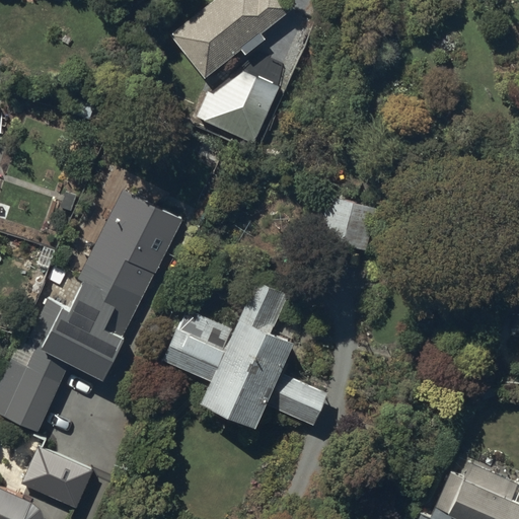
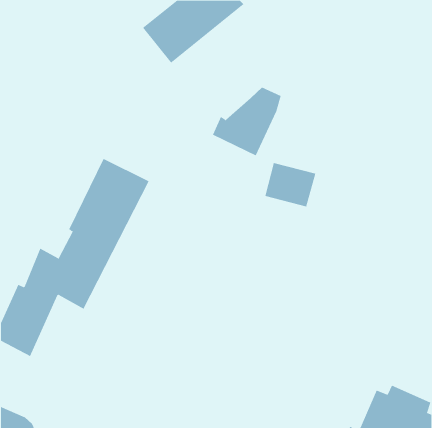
building: [199,59,282,142] -> [212,87,281,156]
building: [165,284,326,424] -> none
building: [25,452,89,506] -> none

